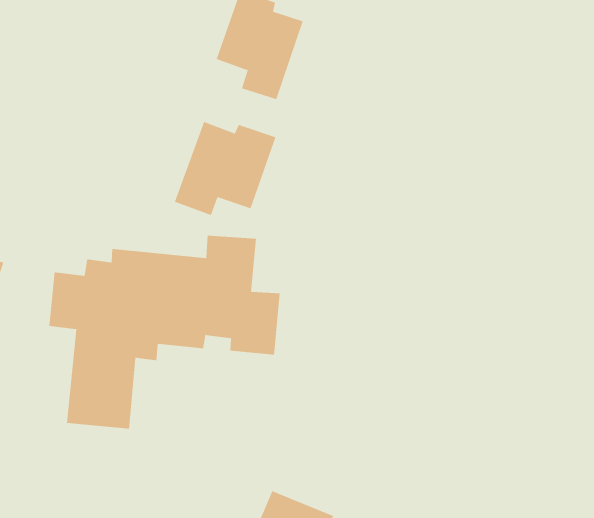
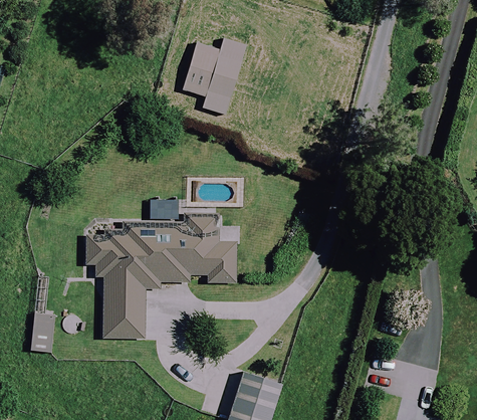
building: [174,121,276,216] -> none

